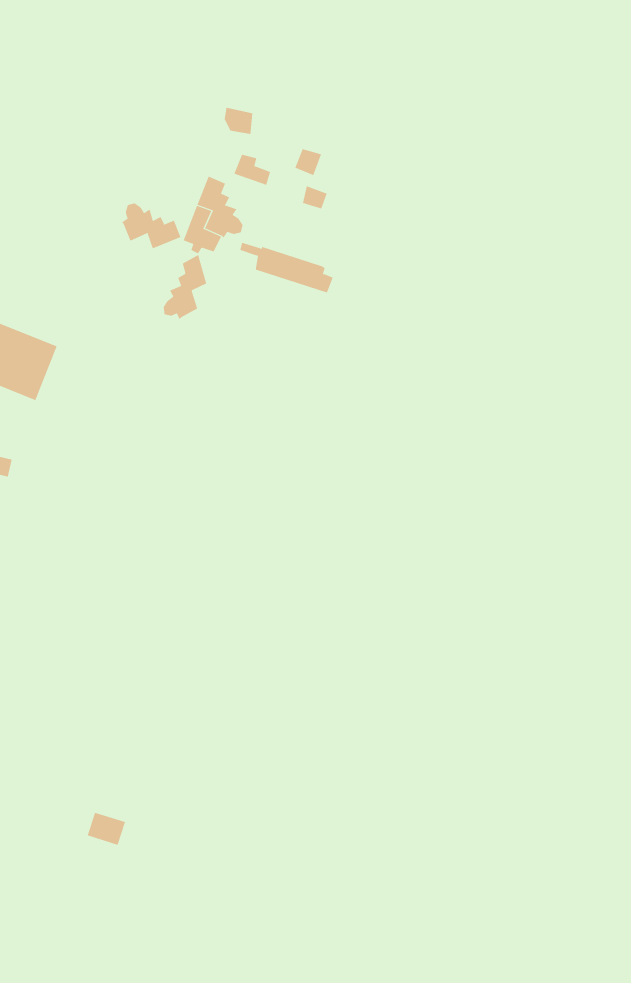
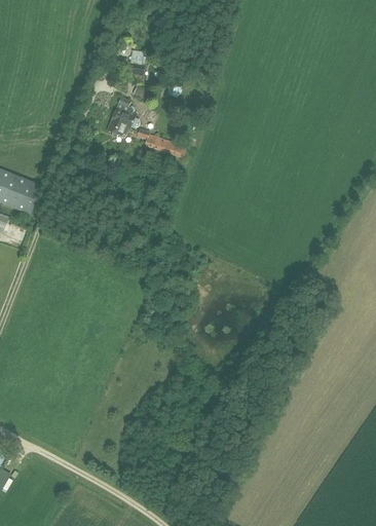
building: [121,203,181,249] -> none
building: [163,254,207,320] -> none

